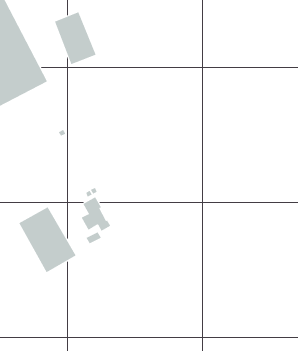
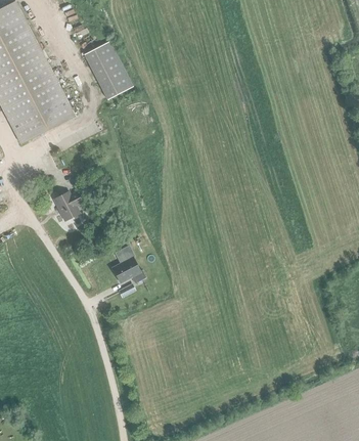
building: none -> [54,189,86,220]
building: [19,206,77,273] -> none

